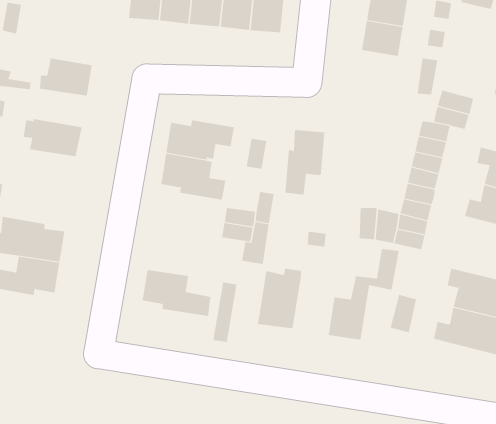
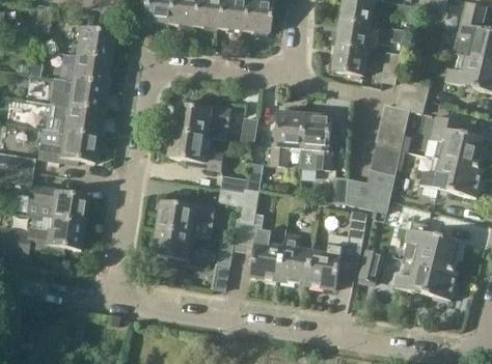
building: none -> [71,27,115,58]
building: none -> [332,46,367,76]
building: none -> [61,79,107,110]
building: none -> [301,114,336,170]
building: none -> [38,127,98,164]
building: none -> [157,201,214,234]
building: none -> [279,234,313,284]

